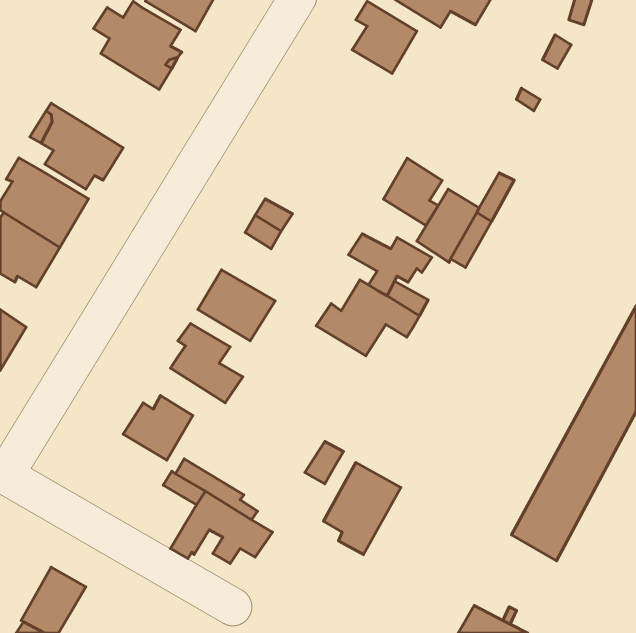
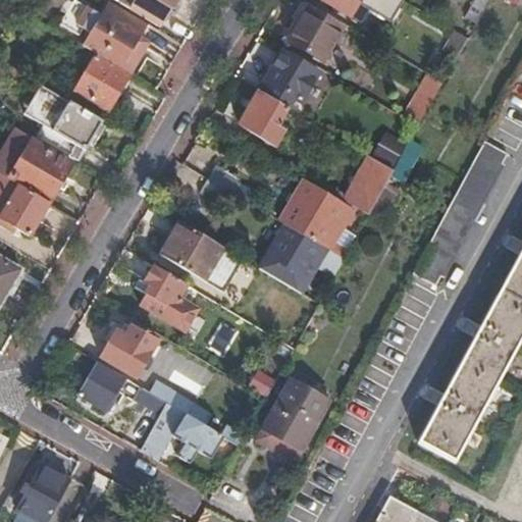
building: none -> [266,51,318,102]
building: none -> [75,56,127,109]
building: [384,158,442,225] -> [241,90,289,145]
building: none -> [414,145,508,285]
building: none -> [80,361,127,411]

